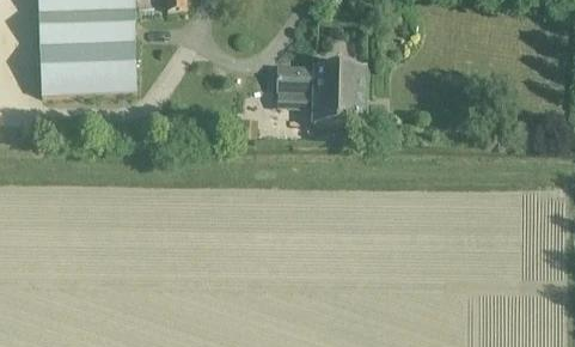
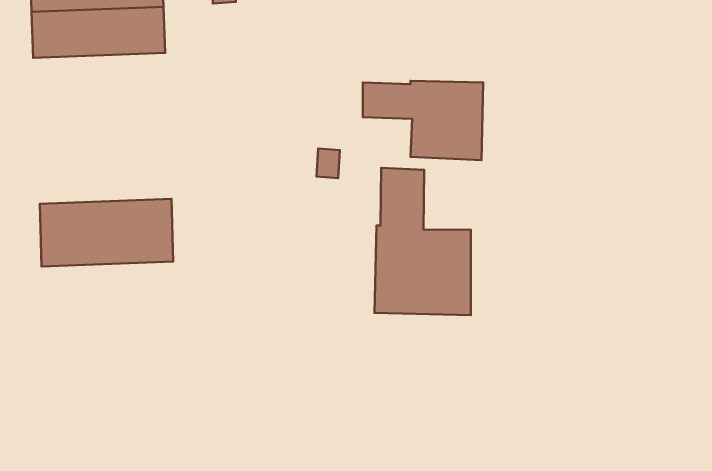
building: [39,42,136,91] -> [40,199,173,266]
building: none -> [375,168,471,315]

